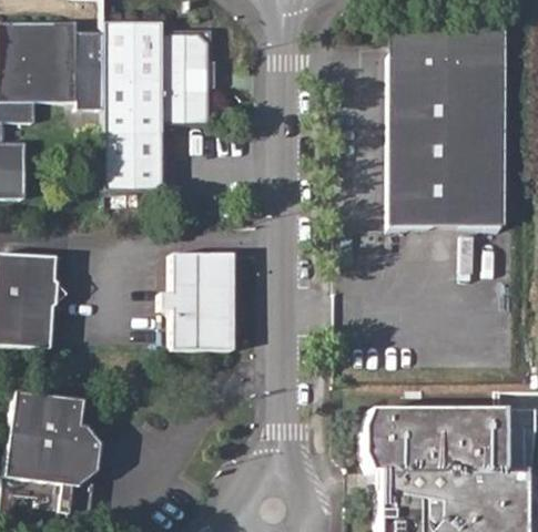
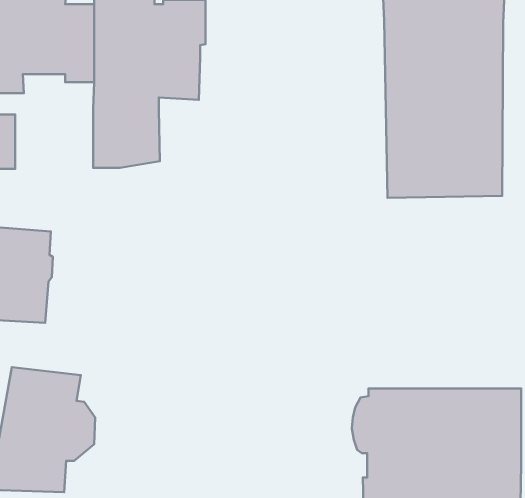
building: [158,254,235,349] -> none

